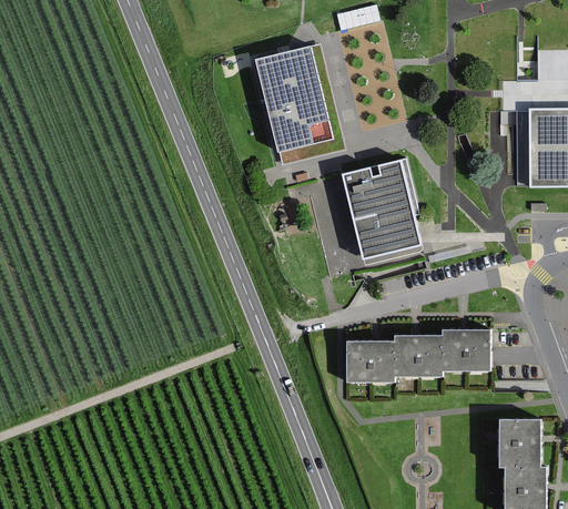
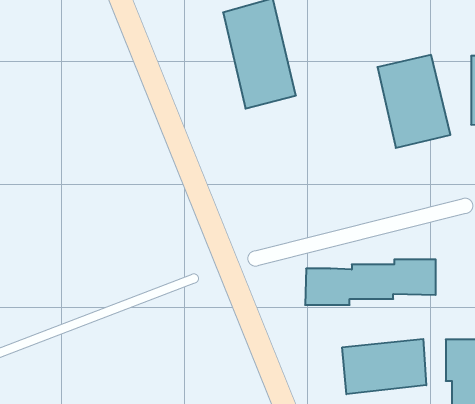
building: [342,163,422,265] -> [377,55,450,148]
building: none -> [342,339,426,394]

